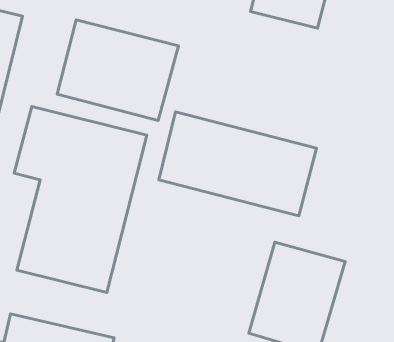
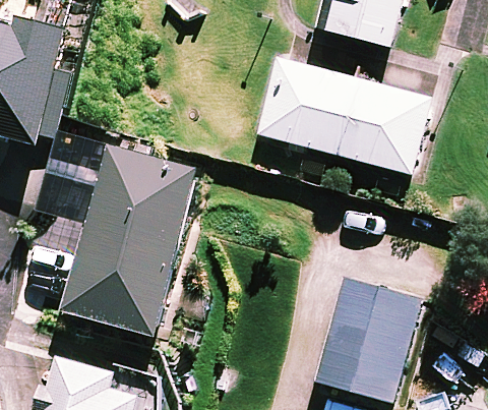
building: [57,20,179,121] -> none
building: [159,112,317,216] -> [256,60,429,174]

